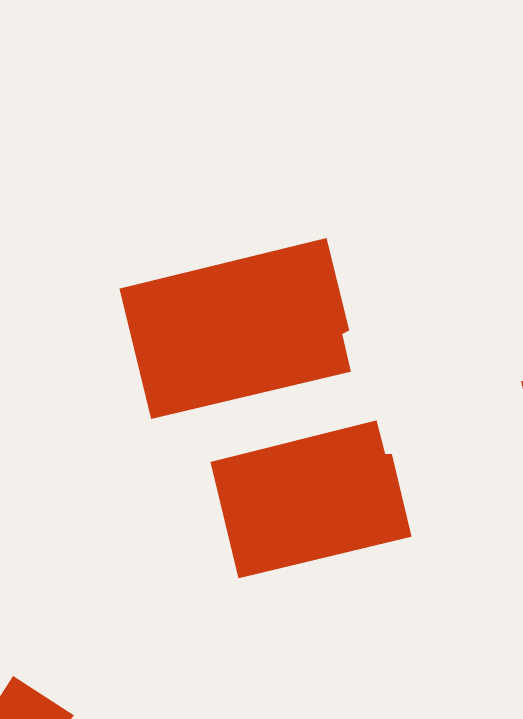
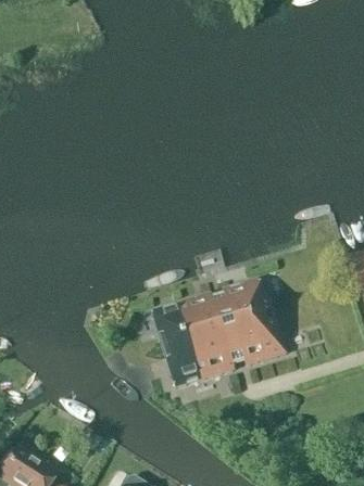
building: [119,237,352,420] -> none

